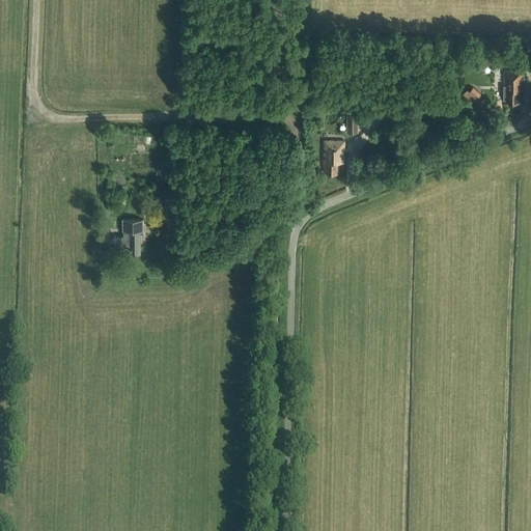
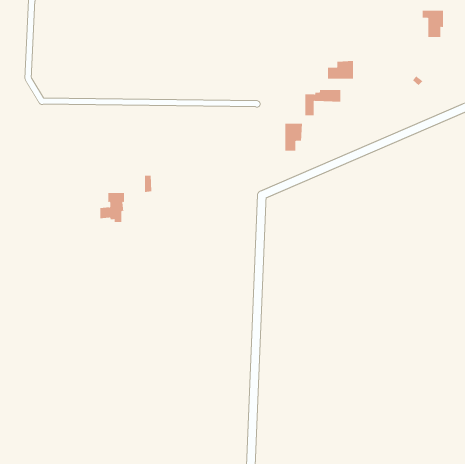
building: none -> [328,60,353,79]
building: [498,72,523,103] -> [422,10,444,37]

